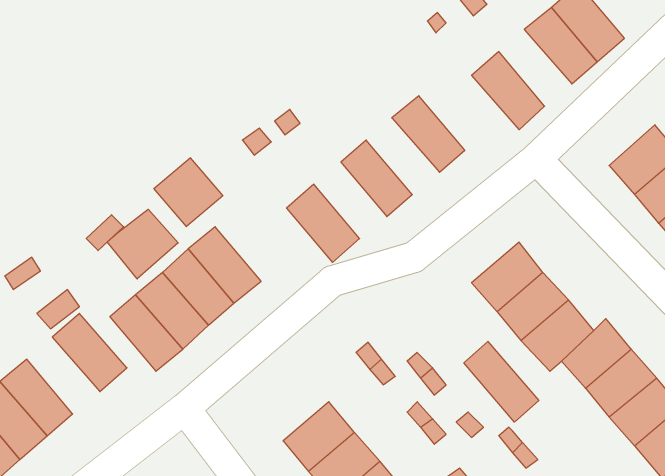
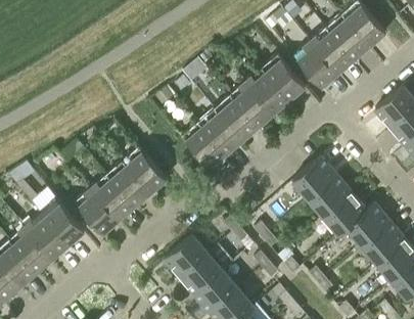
building: none -> [309,29,353,75]
building: none -> [261,54,305,101]
building: none -> [229,82,273,128]
building: [154,158,223,227] -> none
building: none -> [197,108,241,154]
building: [107,209,178,279] -> none
building: none -> [25,214,68,260]
building: [464,341,539,422] -> none
building: none -> [164,235,206,276]

